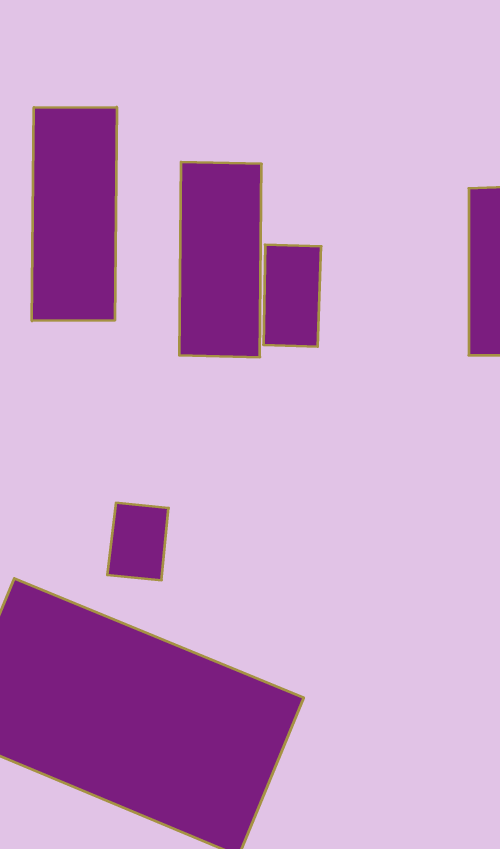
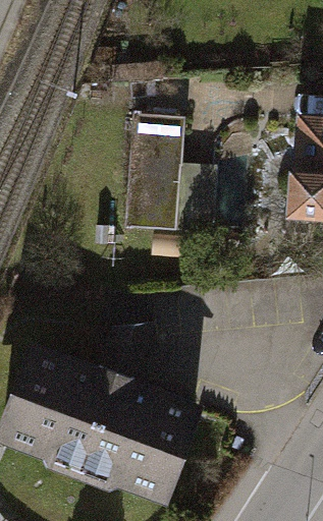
building: [32,107,117,321] -> none

